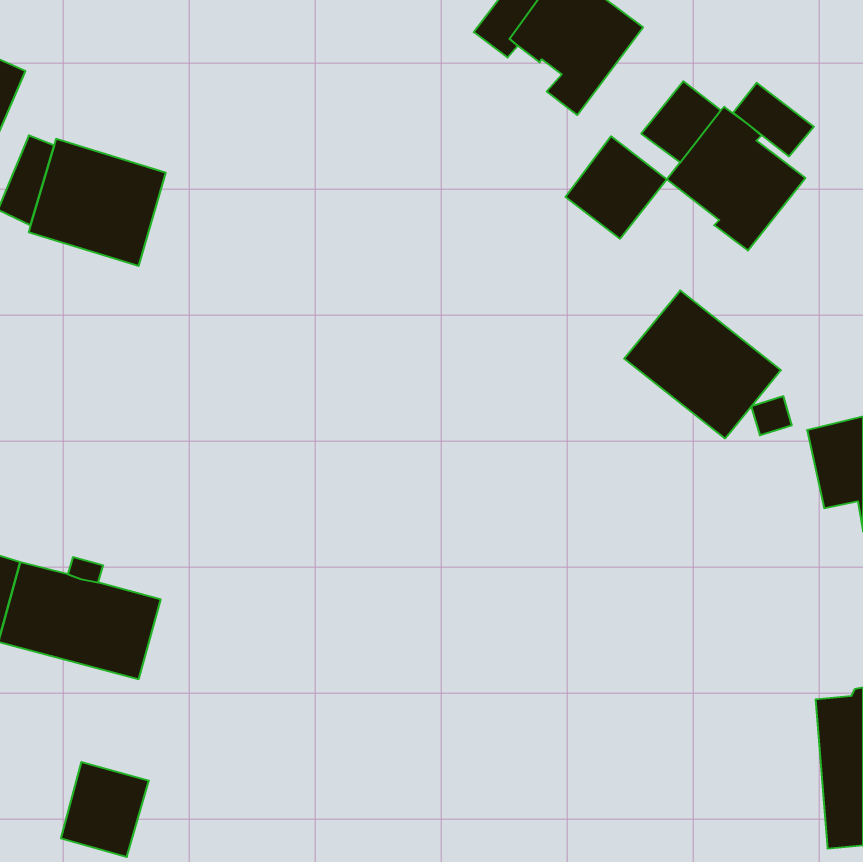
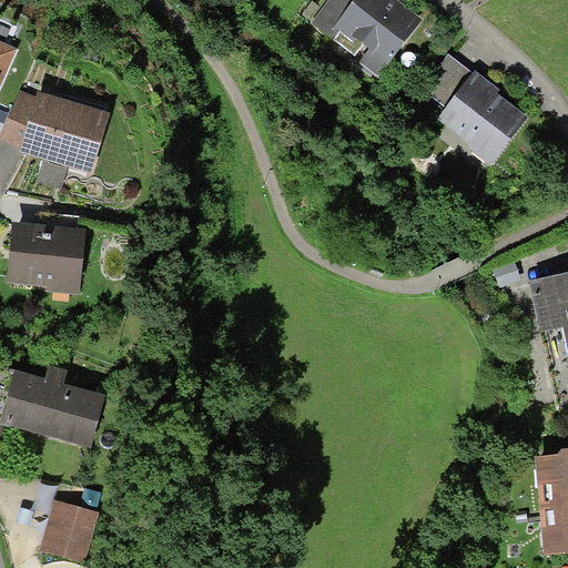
building: [733,83,814,156] -> none
building: [565,136,667,239] -> none
building: [624,290,781,438] -> none
building: none -> [7,222,85,294]

